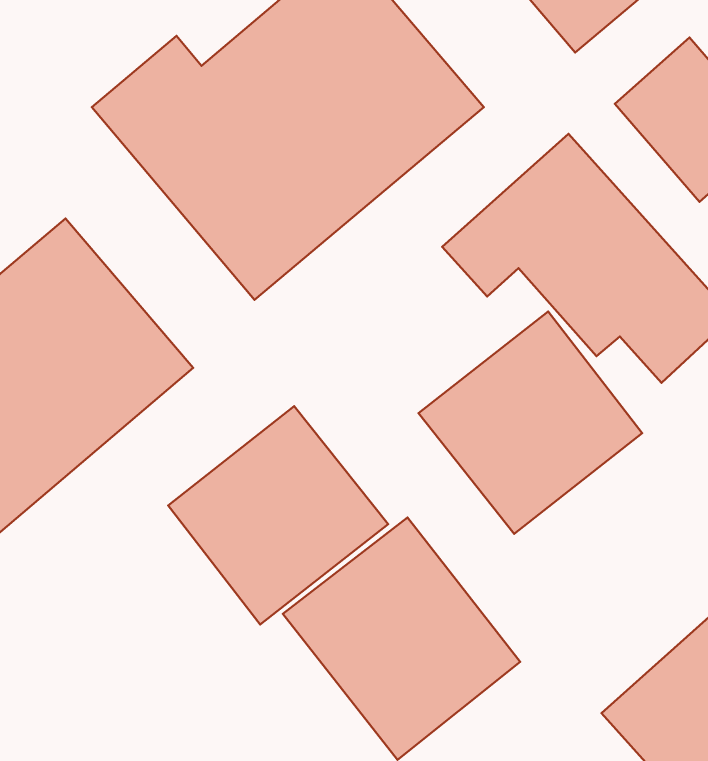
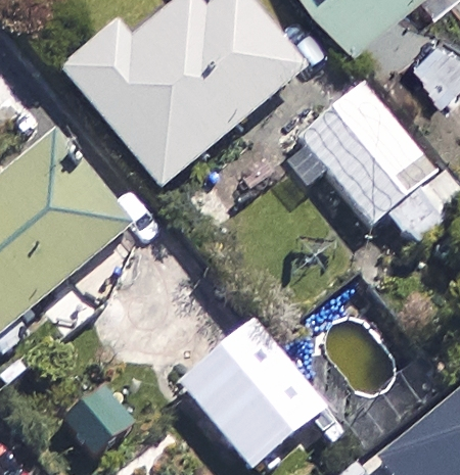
building: [418,312,642,534] -> none
building: [168,406,388,625] -> none

